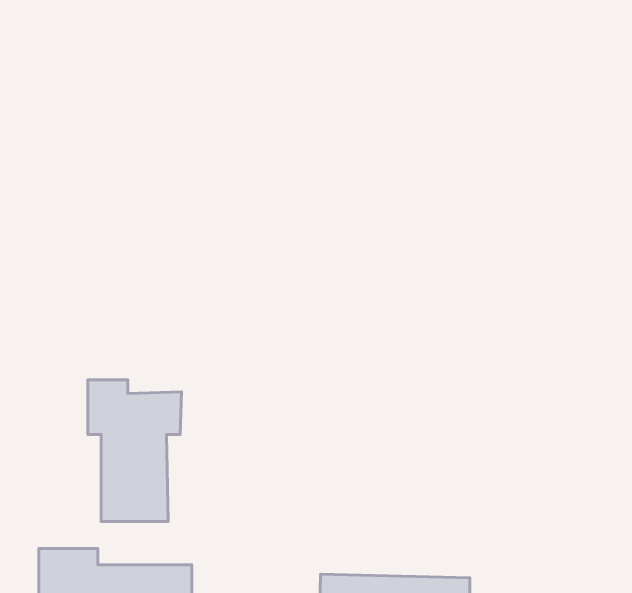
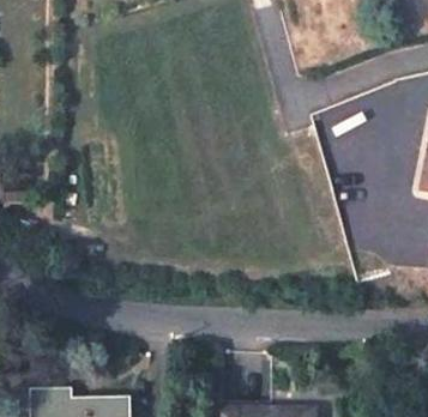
building: [88,380,182,522] -> none

